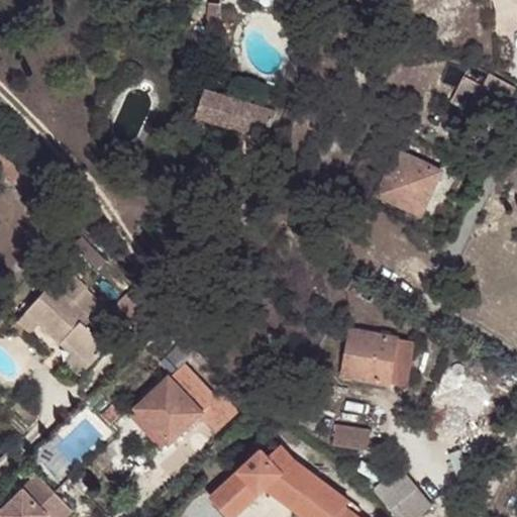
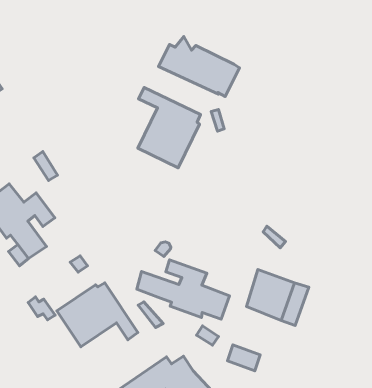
building: none -> [138,87,200,168]
building: [376,151,440,214] -> none
building: none -> [137,260,229,319]

